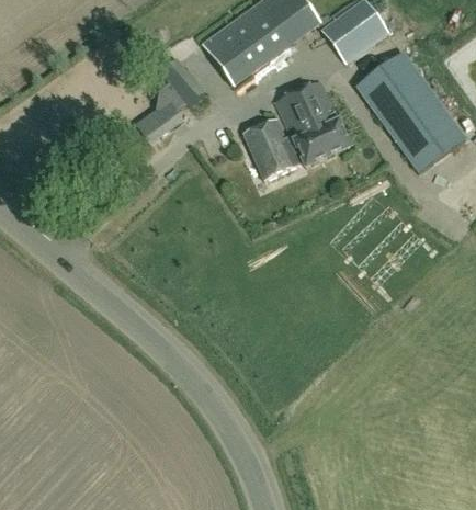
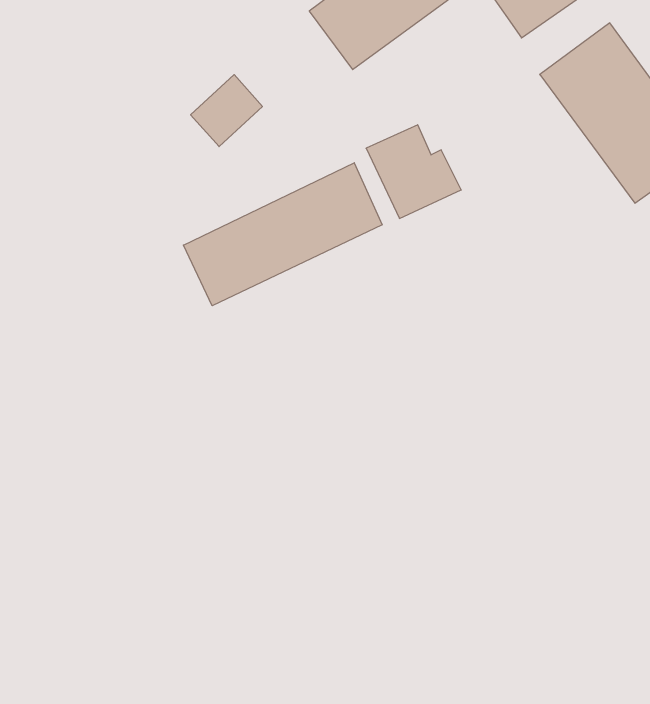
building: [159,56,204,103] -> none
building: [276,80,349,165] -> none
building: none -> [183,163,382,306]

